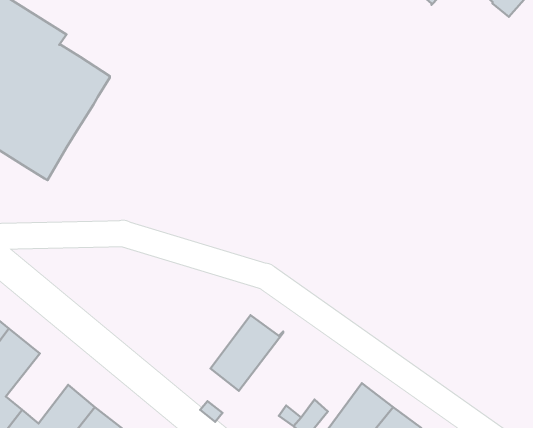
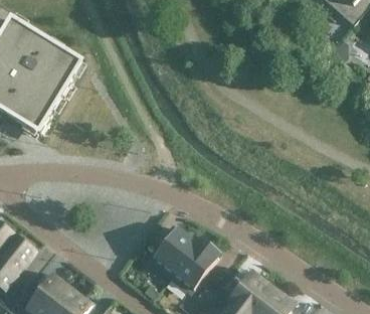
building: none -> [170,239,220,293]

